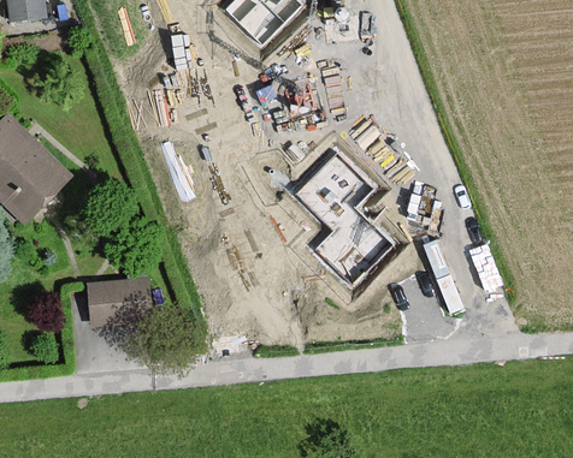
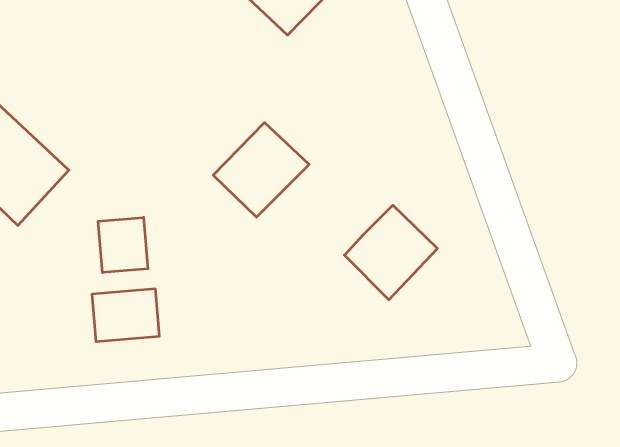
building: [293,147,378,231] -> [213,123,309,217]
building: none -> [98,217,148,273]

